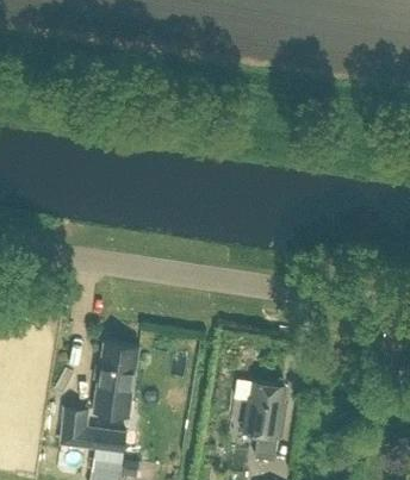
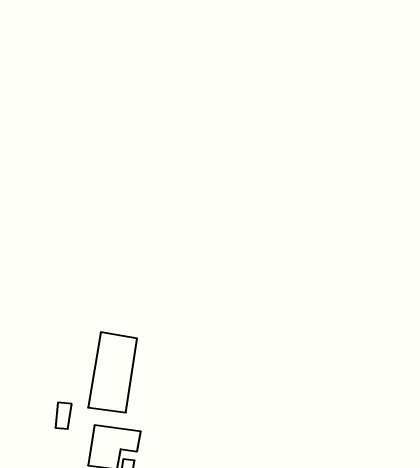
building: [244,385,284,461] -> none

